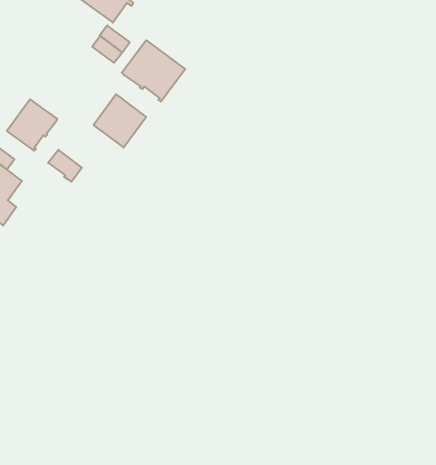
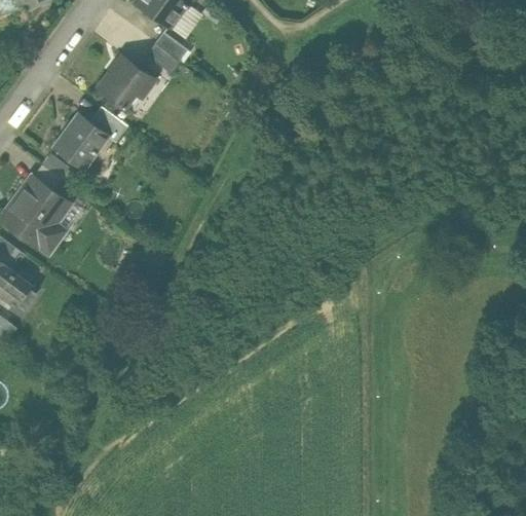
building: [122,40,185,102] -> none
building: [94,94,146,148] -> [96,54,153,113]
building: [48,150,82,182] -> [88,107,125,142]

